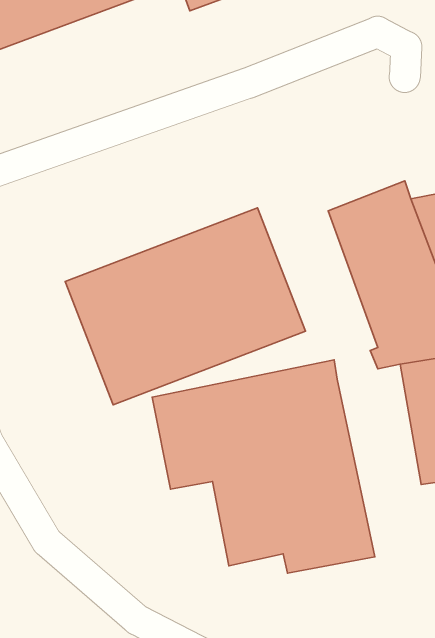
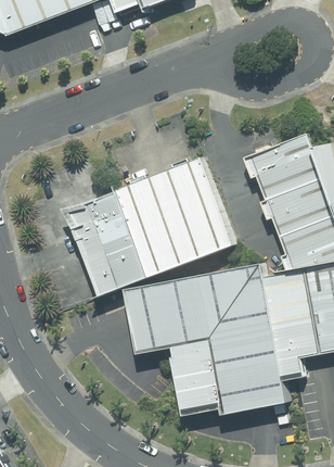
building: none -> [257,266,318,379]

